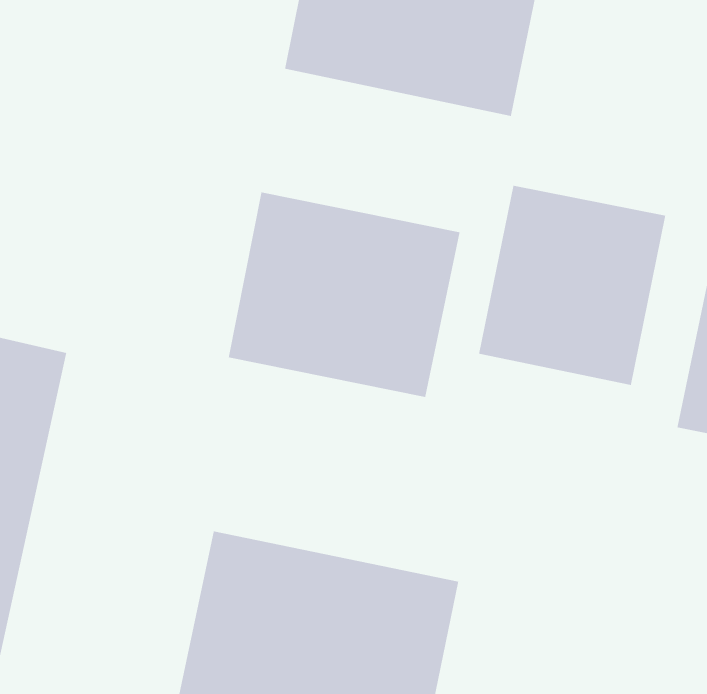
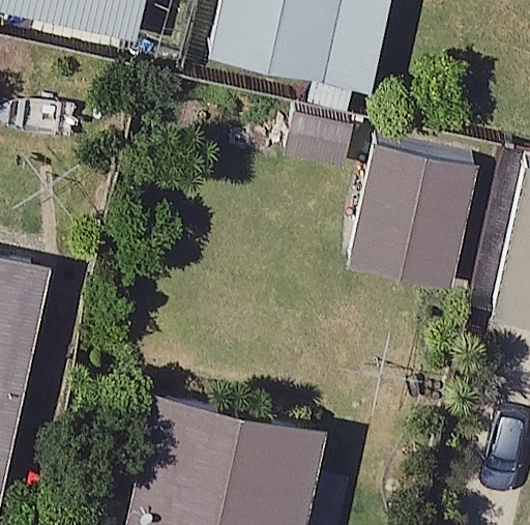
building: [228,191,461,398] -> none

